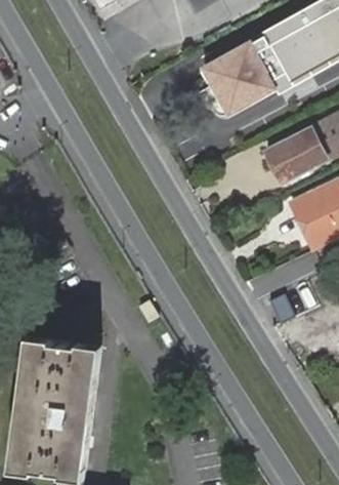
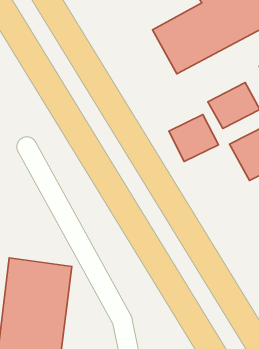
building: none -> [169,114,218,161]

